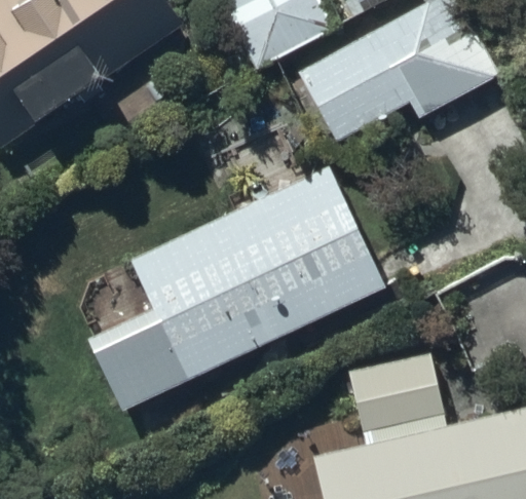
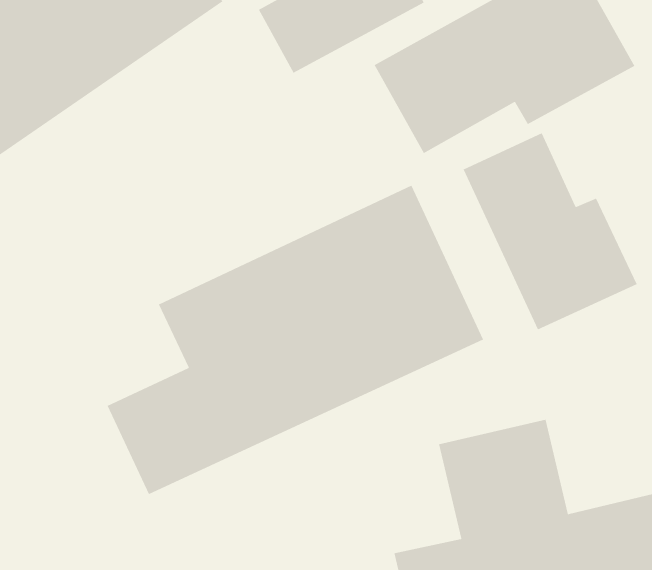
building: none -> [462,132,638,330]

